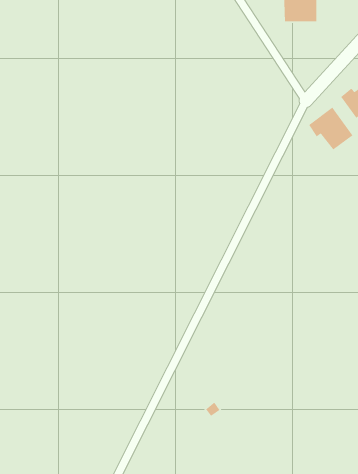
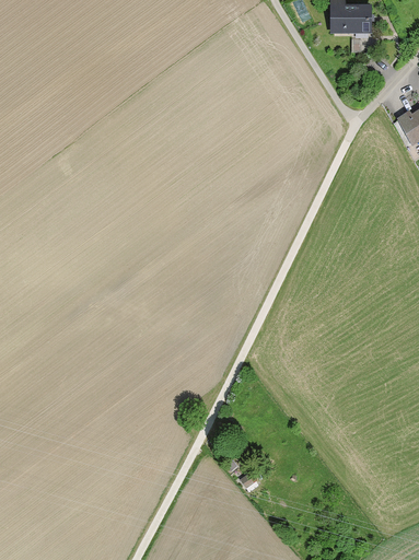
building: [308,107,353,151] -> none

